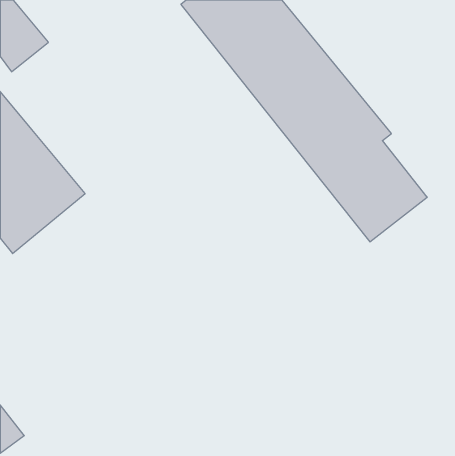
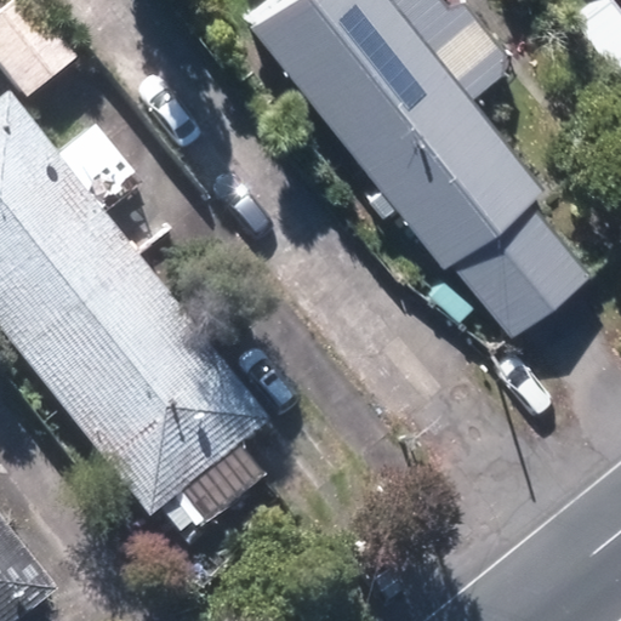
building: none -> [21,264,251,509]

